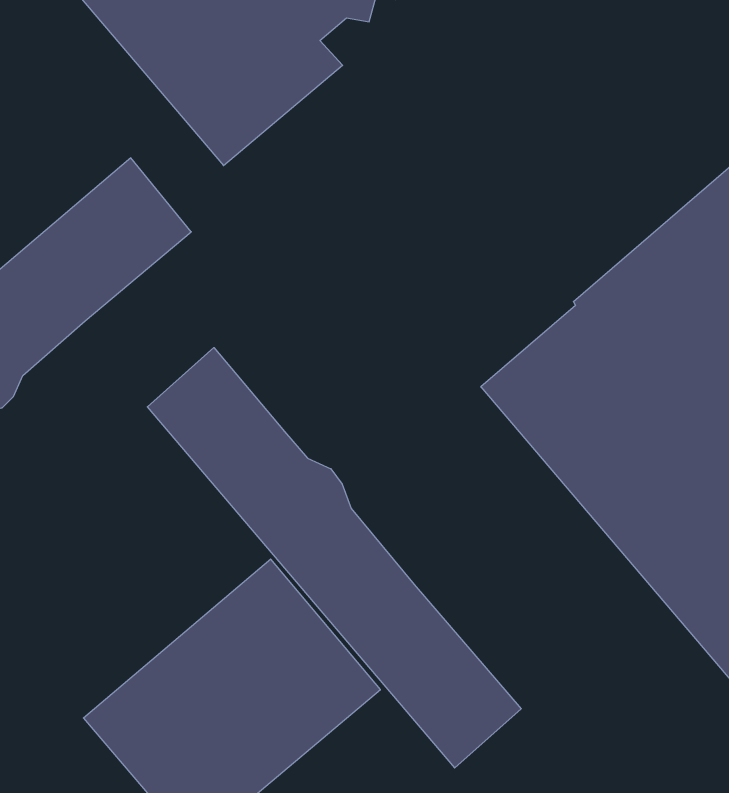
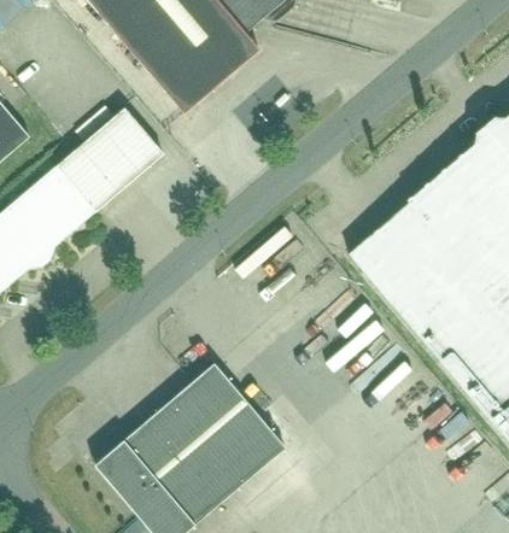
building: [147,348,521,768] -> none

